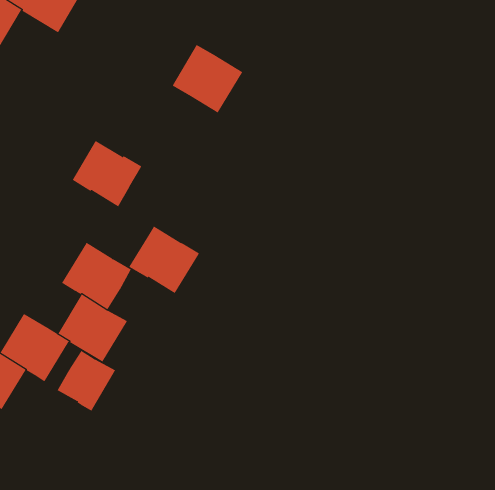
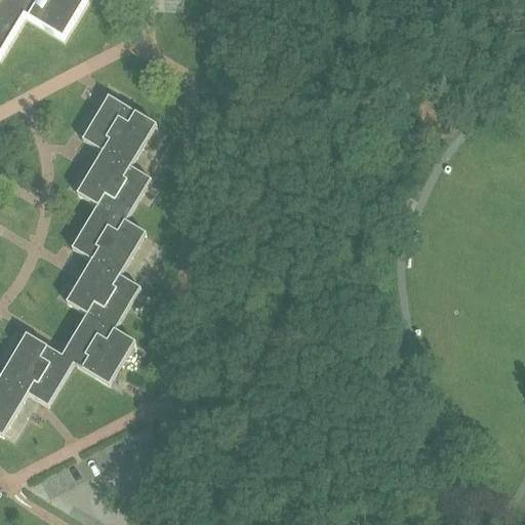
building: [172,44,243,113] -> [81,92,156,165]
building: [128,226,199,294] -> [70,201,145,273]
building: [57,350,116,412] -> none

